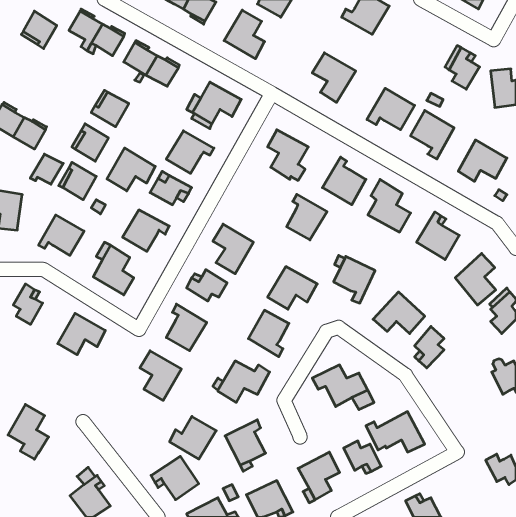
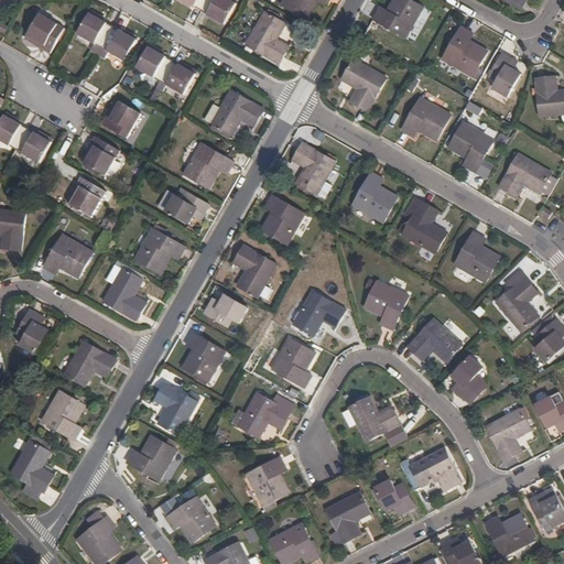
building: none -> [440,24,487,79]
building: [107,148,155,191] -> none
building: [30,154,63,184] -> none
building: [287,194,327,240] -> [260,194,304,243]
building: none -> [41,390,83,438]
building: none -> [485,408,531,460]
building: [170,416,216,459] -> [126,434,176,480]
building: none -> [484,513,533,556]

